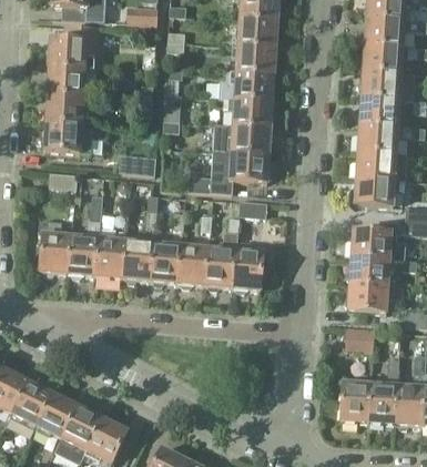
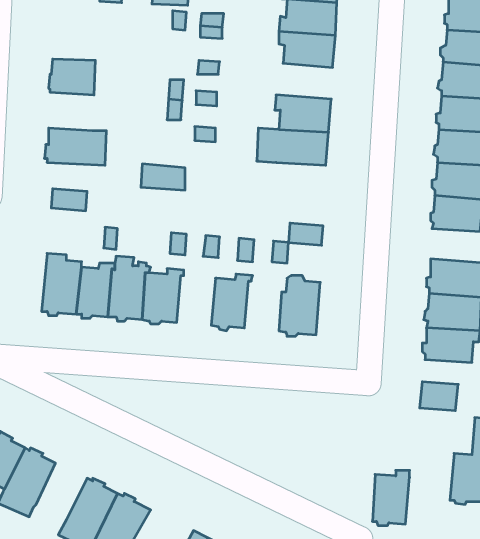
building: [47,26,99,70] -> none
building: [218,71,274,100] -> none
building: [44,94,82,125] -> none
building: [189,150,272,193] -> none
building: [149,238,181,284] -> none
building: [203,243,237,288] -> none
building: [342,379,372,424] -> [372,470,410,525]
building: [33,393,77,438] -> none

